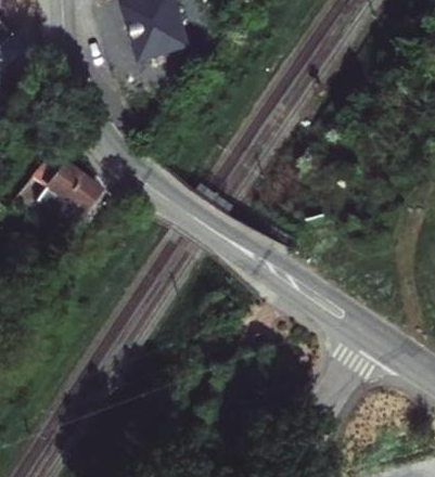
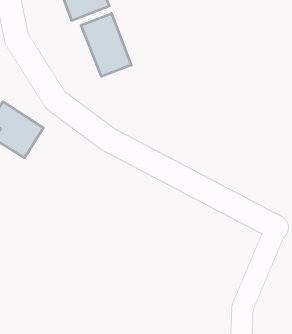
building: none -> [81,13,131,76]

